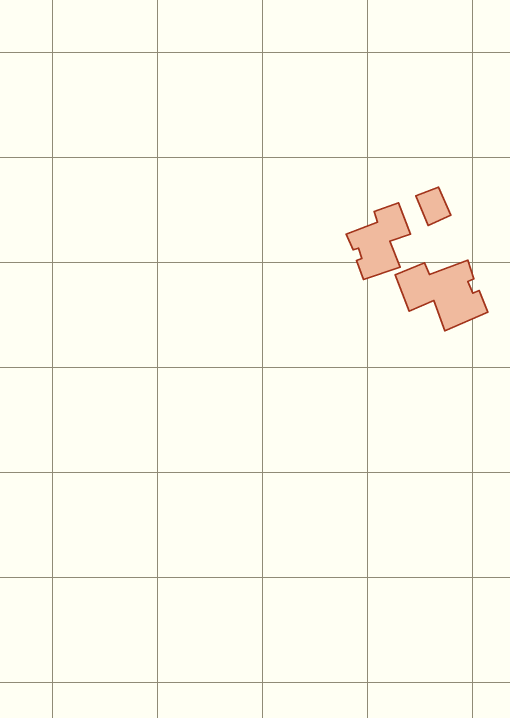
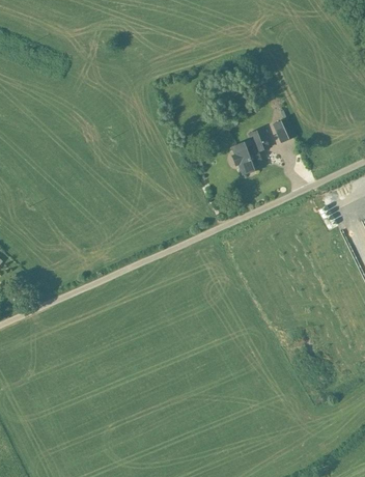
building: [395,260,488,331] -> none

